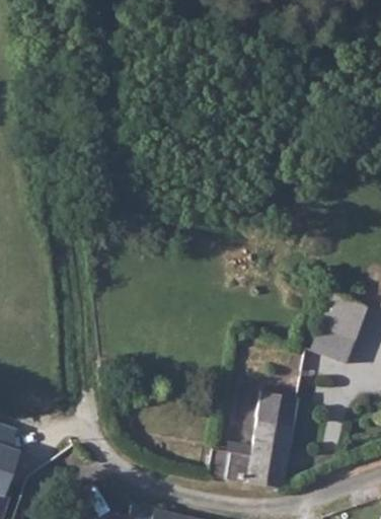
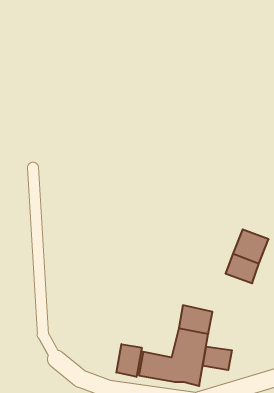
building: none -> [116,344,142,377]
building: none -> [203,347,232,370]

